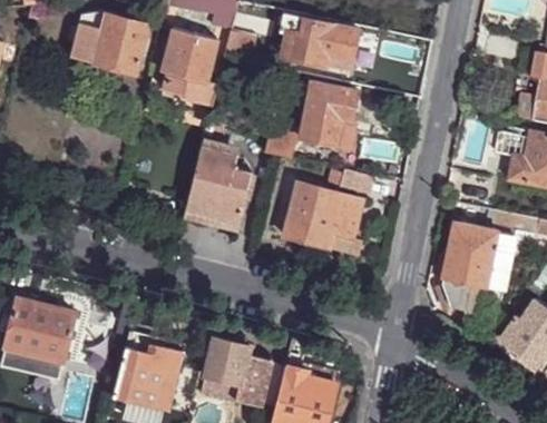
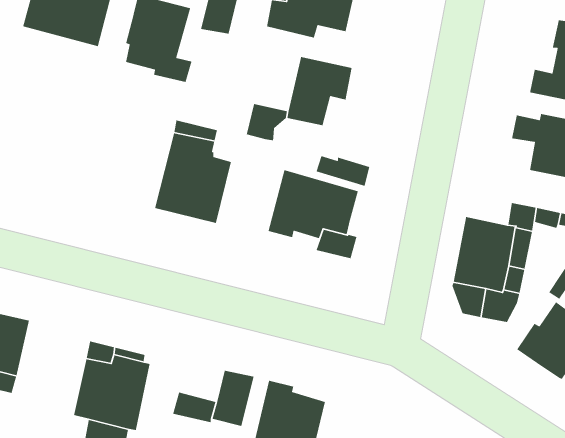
building: [205,337,248,384] -> none

